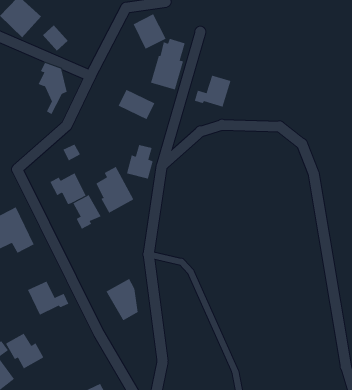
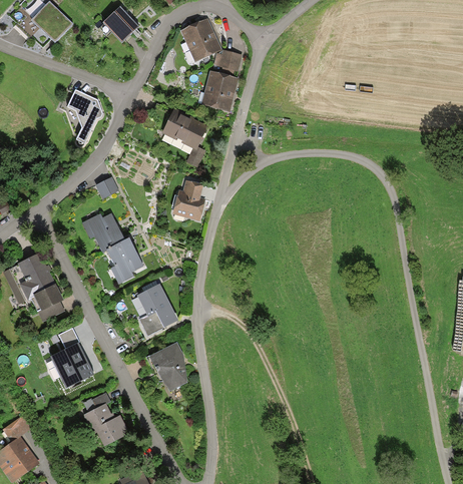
building: [42,24,69,52] -> [103,9,135,42]
building: [194,75,231,108] -> none
building: [95,166,134,213] -> [131,280,178,337]
building: [5,333,44,369] -> [82,402,129,446]

